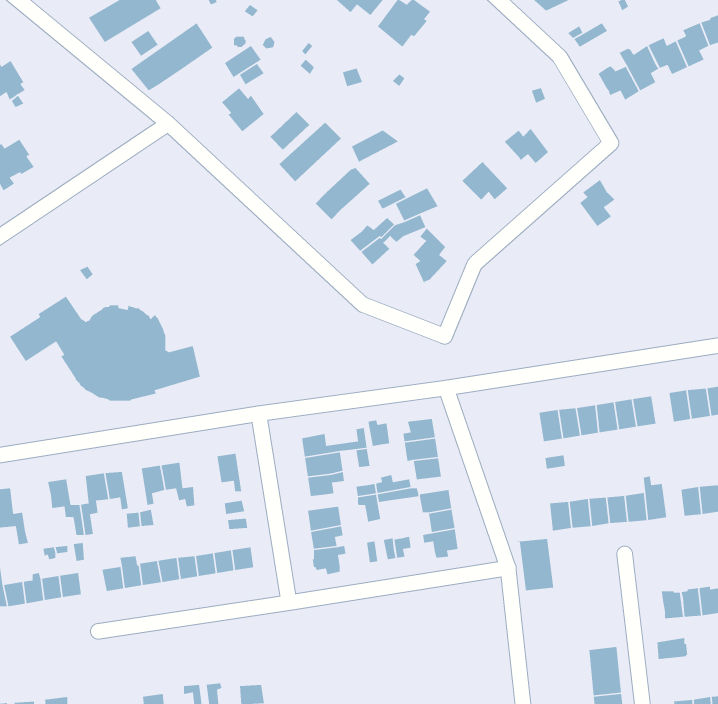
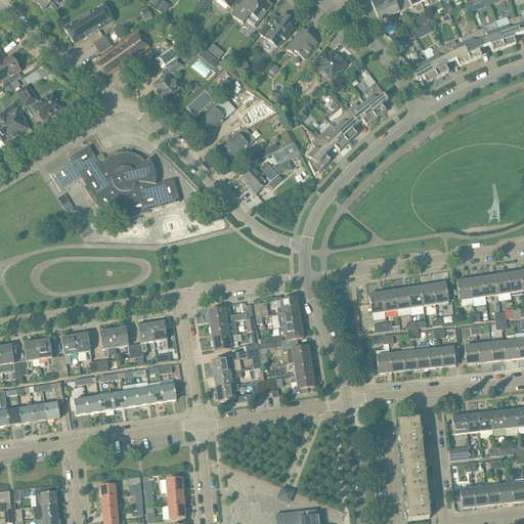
building: none -> [287,27,317,58]
building: none -> [313,47,345,76]
building: none -> [16,84,62,118]
building: none -> [331,110,357,141]
building: [579,179,615,227] -> [363,84,388,117]
building: [413,228,448,284] -> [307,136,331,174]
building: [9,296,201,401] -> [49,144,179,216]
building: none -> [135,322,154,364]
building: none -> [19,340,39,374]
building: [516,538,554,591] -> [396,418,422,453]

